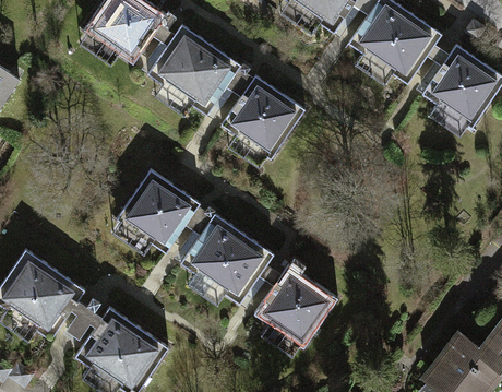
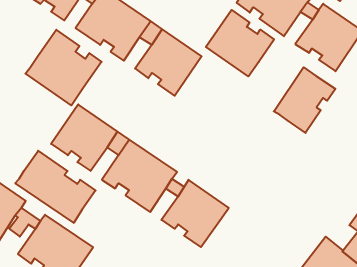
building: none -> [206,10,274,76]
building: none -> [25,30,102,105]
building: none -> [274,67,335,133]
building: none -> [15,151,96,223]

